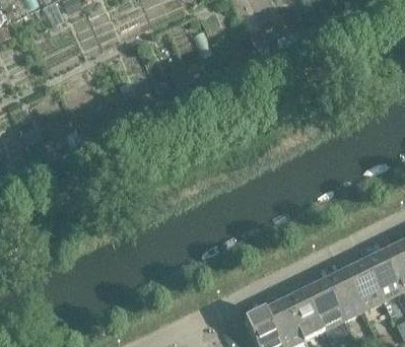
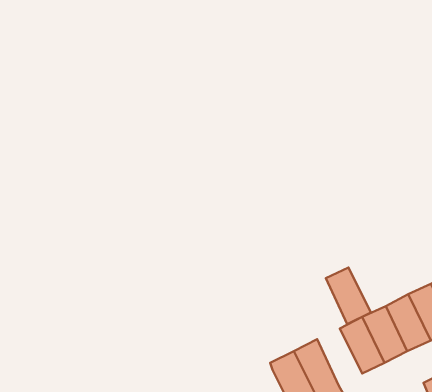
building: [286,287,325,336] -> [326,268,371,324]

